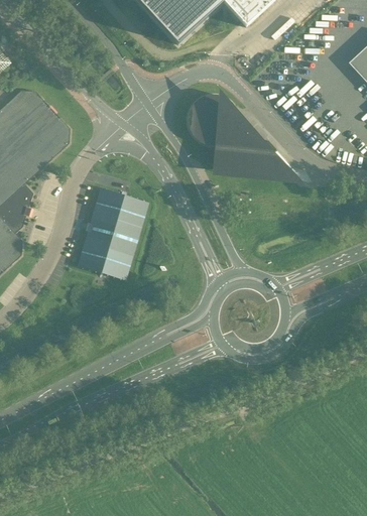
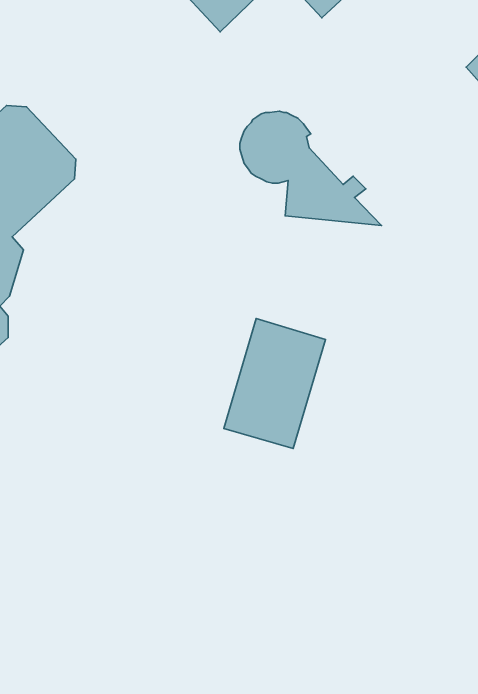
building: [77,186,149,279] -> [224,318,326,448]

